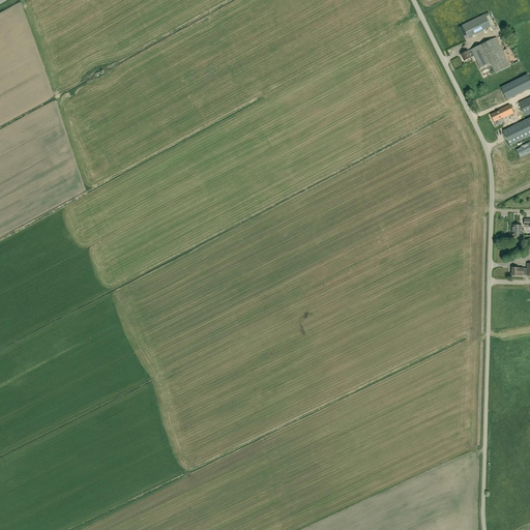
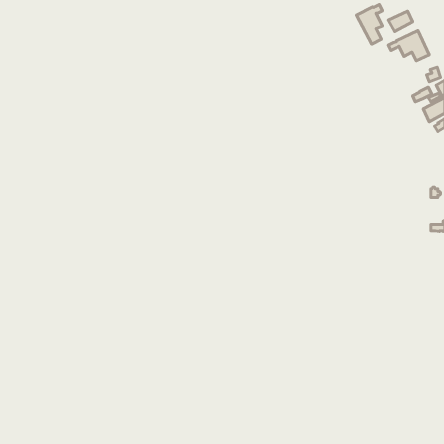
building: none -> [357,4,383,44]

